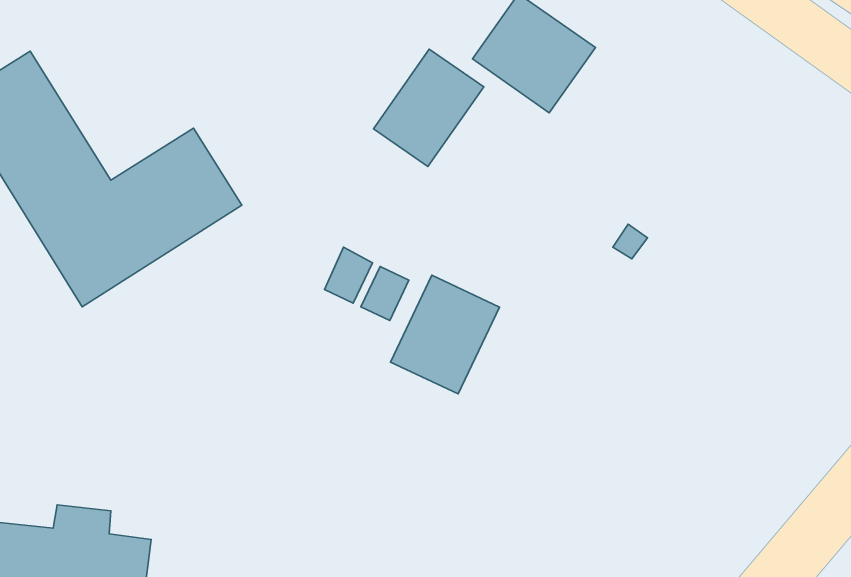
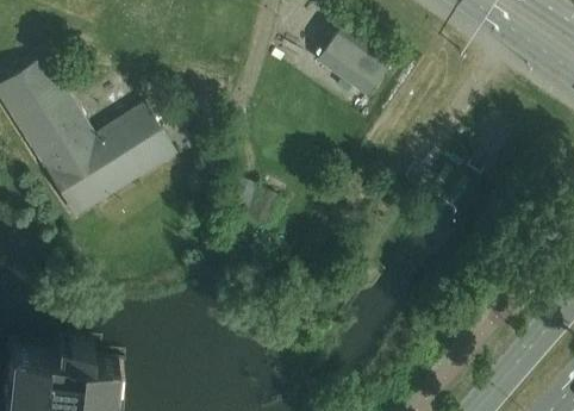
building: [373,49,484,167] -> none
building: [390,275,500,394] -> none

